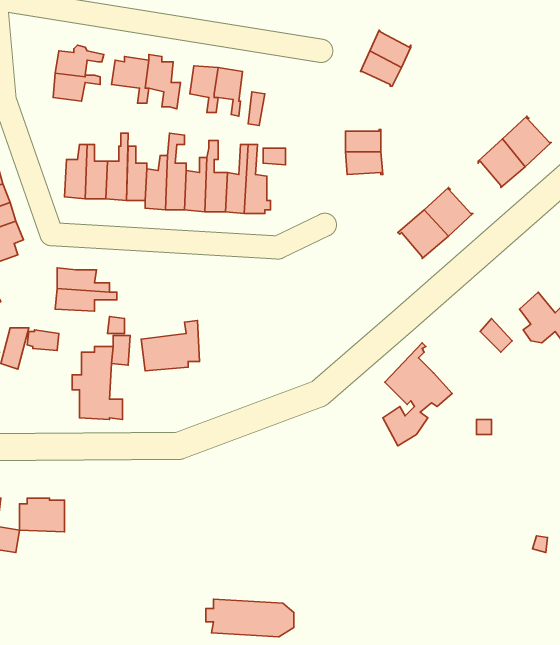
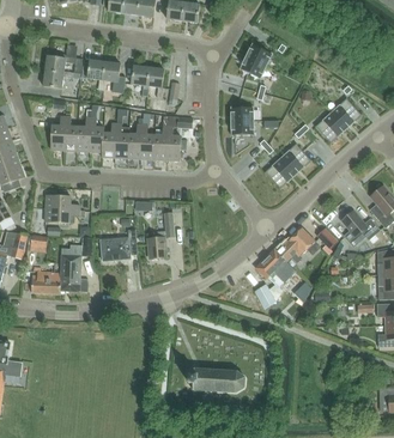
building: none -> [147,212,174,257]
building: none -> [277,226,315,261]
building: [20,498,65,532] -> [31,270,60,292]
building: [206,599,294,637] -> [188,367,244,391]

